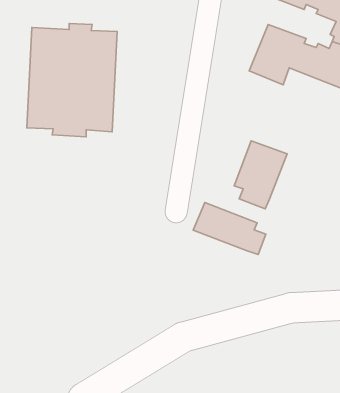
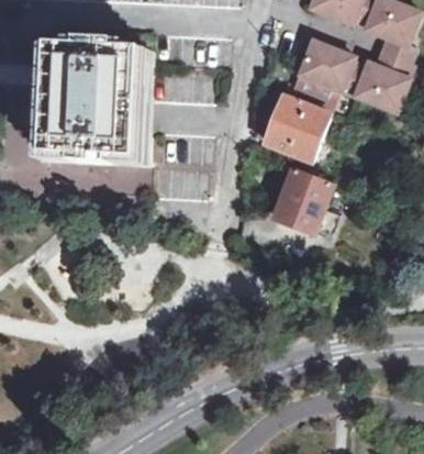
building: none -> [264,93,330,160]
building: [193,202,266,255] -> none

